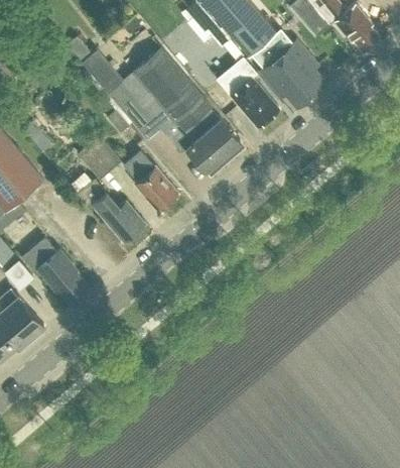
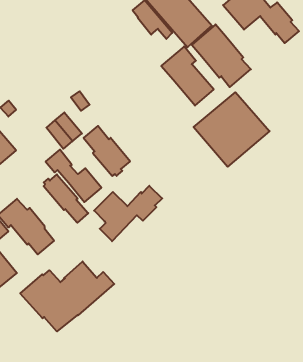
building: [70,35,246,178] -> none
building: none -> [194,92,270,167]
building: none -> [44,174,88,223]
building: none -> [94,186,162,241]
building: none -> [20,261,114,331]

